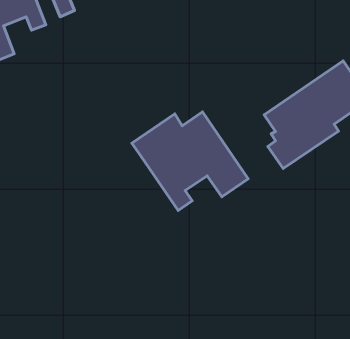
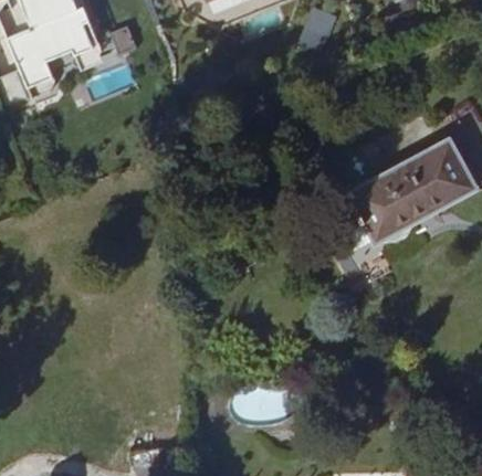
building: [132,112,248,211] -> none

